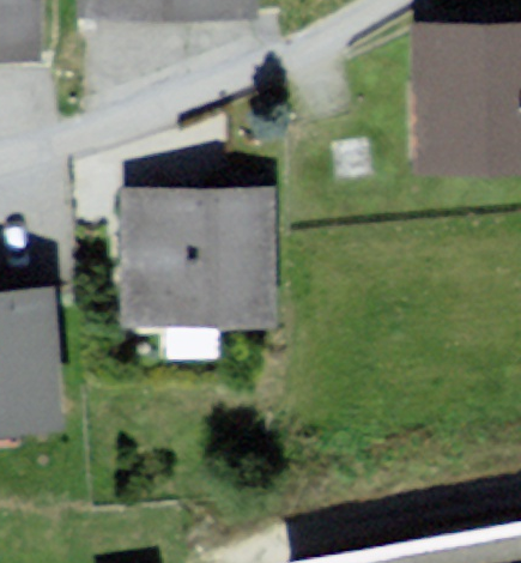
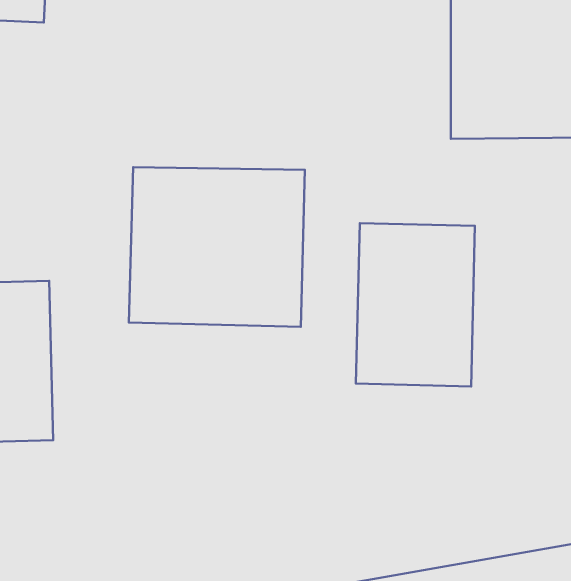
building: none -> [356,223,475,386]

